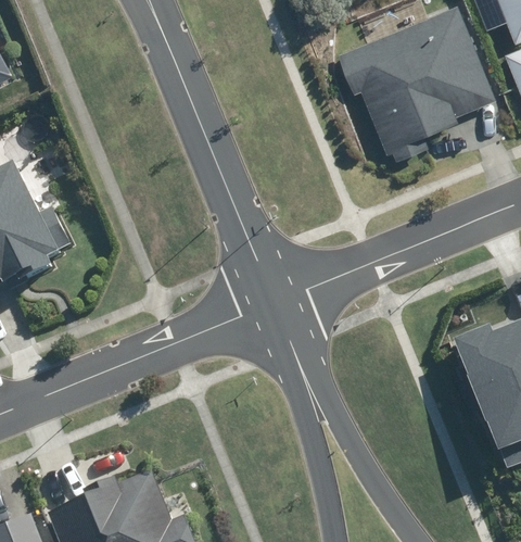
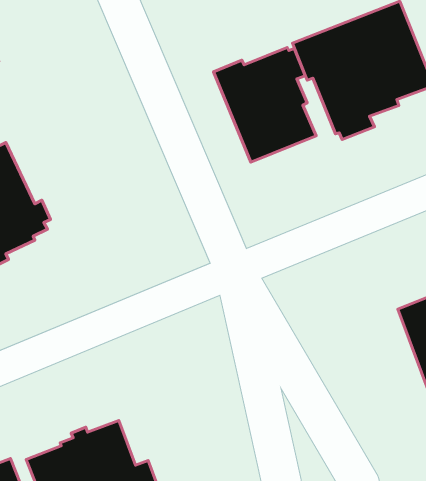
building: none -> [213,48,316,162]

